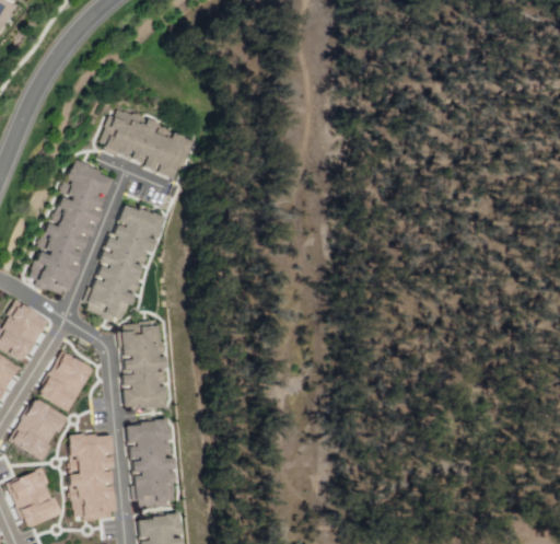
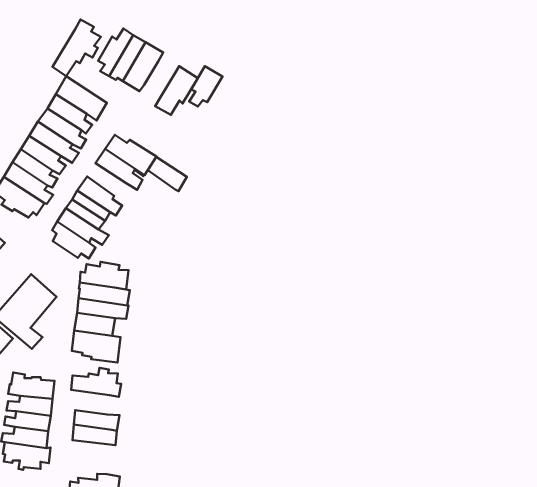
building: none -> [52,19,101,76]
building: [145,134,172,171] -> [189,66,223,107]
building: [108,234,144,262] -> [148,157,187,191]
building: [127,440,163,459] -> none
building: [130,484,176,508] -> none

